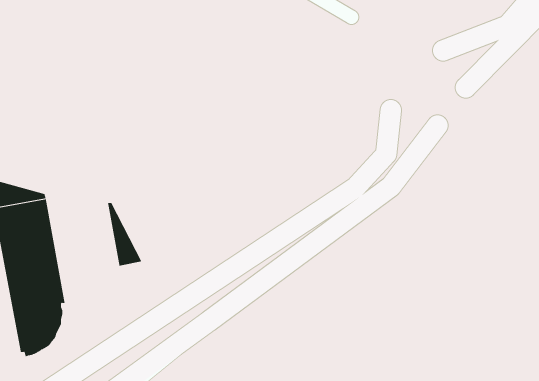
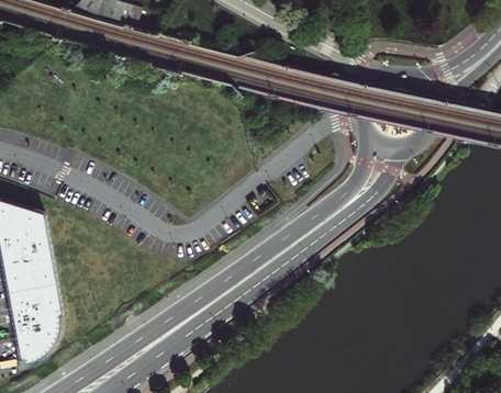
building: [108,202,142,266] -> none

